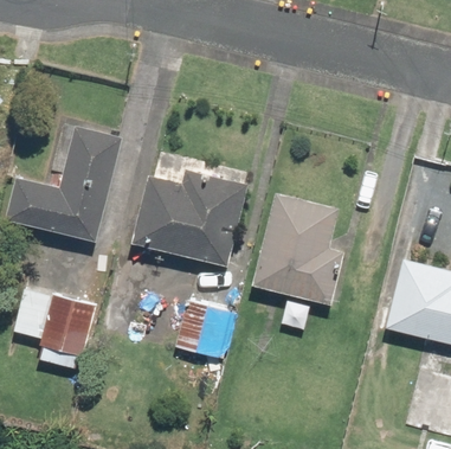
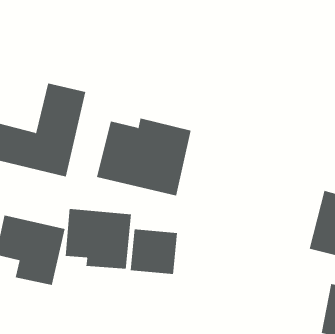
building: [253,192,344,339] -> none
building: none -> [65,208,131,270]

